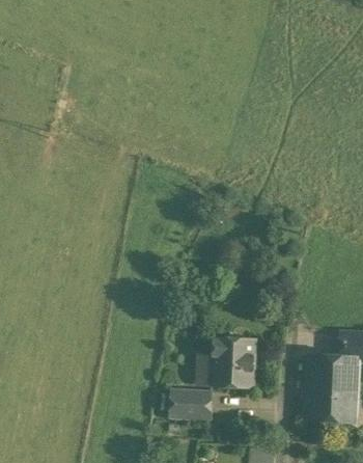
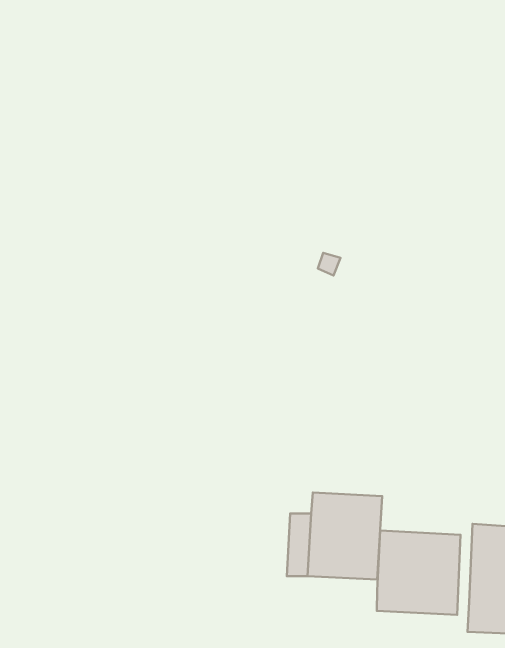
building: none -> [377,531,460,615]
building: [170,389,213,417] -> none

